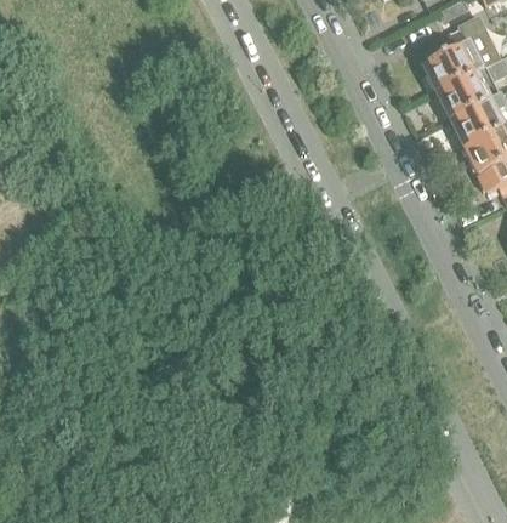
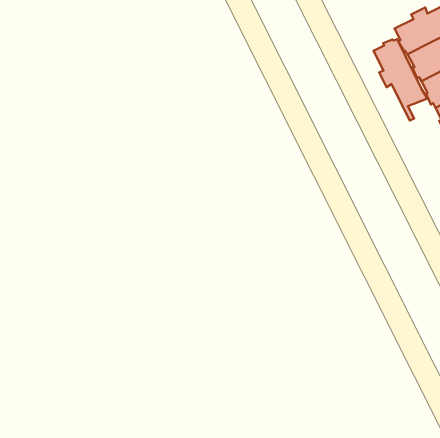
building: none -> [374,39,427,121]

